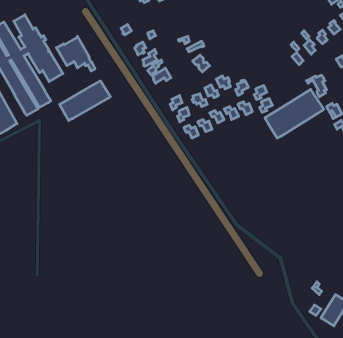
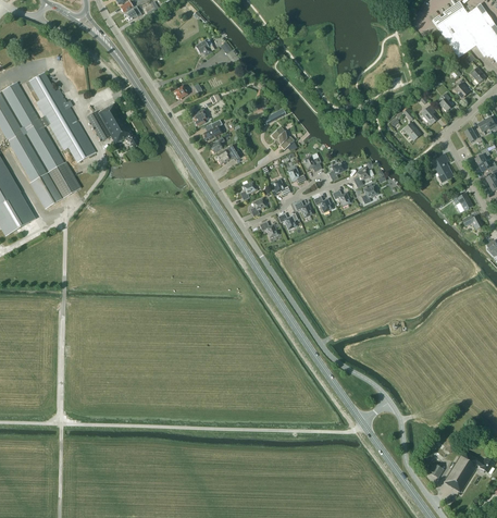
building: [60,81,110,121] -> none
building: [265,89,324,138] -> none

